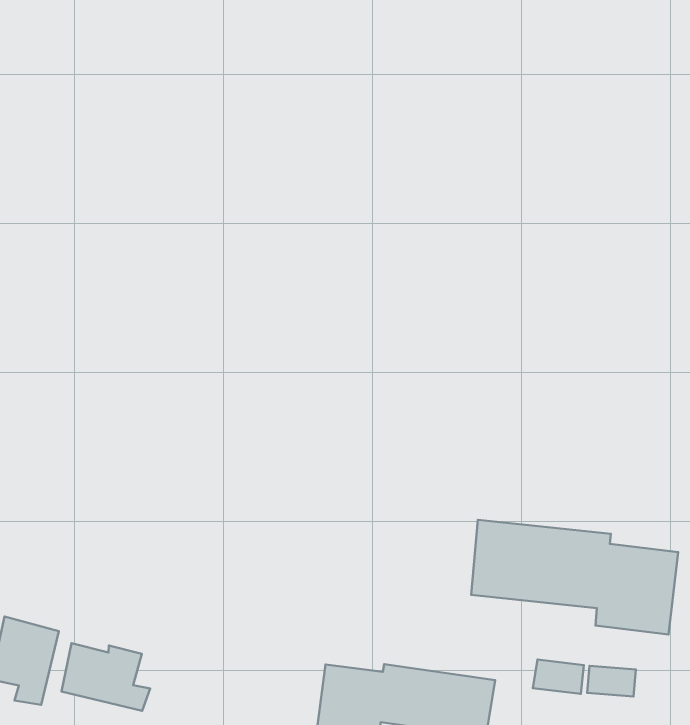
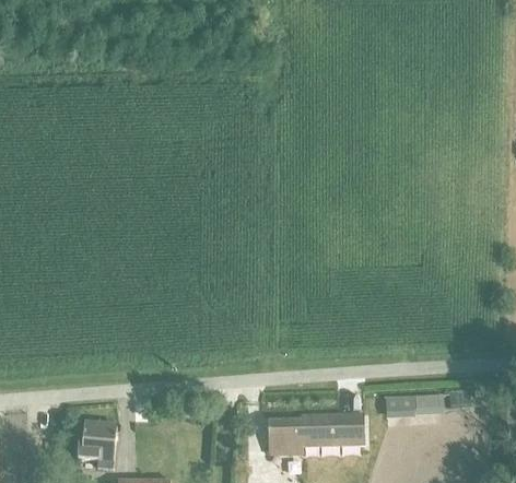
building: [471,520,678,634] -> none
building: [62,643,150,711] -> none

